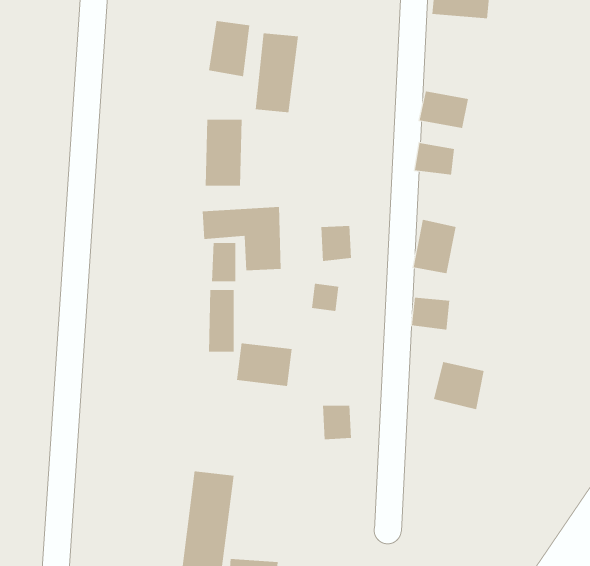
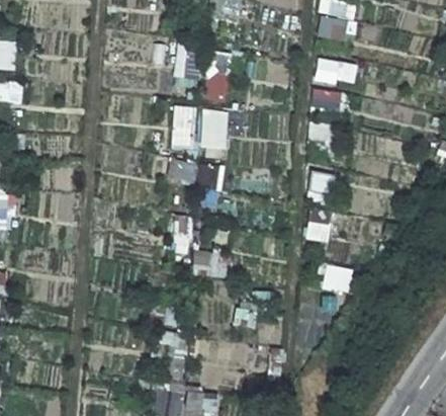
building: none -> [316,60,355,83]
building: none -> [197,107,230,148]

